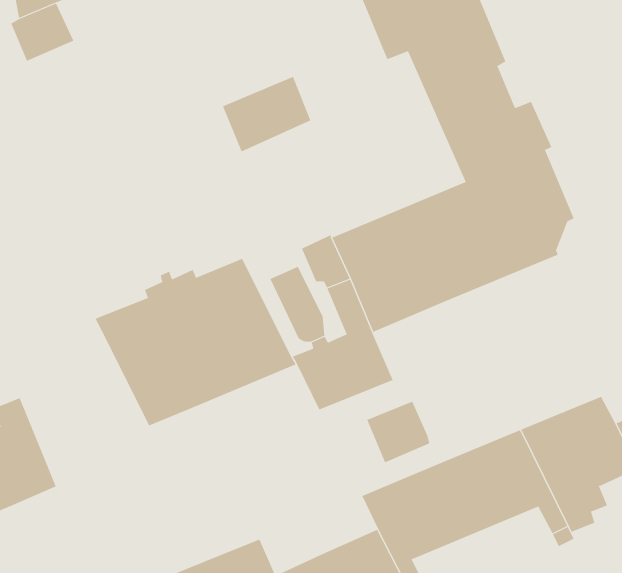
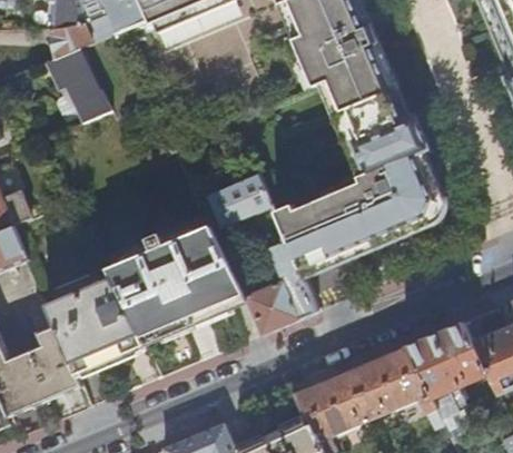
building: none -> [71,80,110,121]
building: [222,76,311,152] -> [207,175,269,228]
building: none -> [45,277,144,373]
building: [366,401,430,463] -> none

